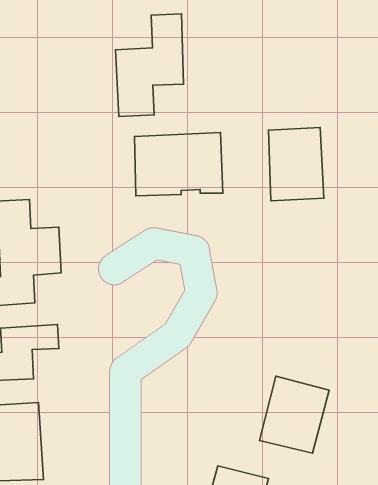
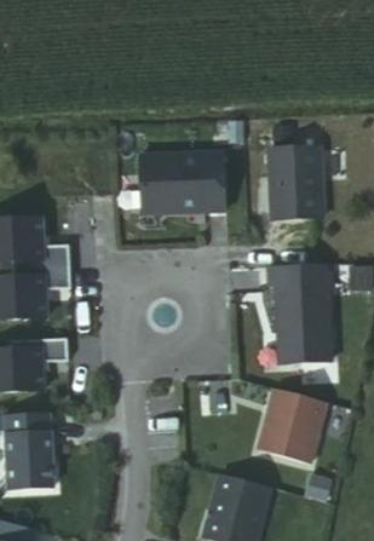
building: [116,14,184,117] -> none
building: none -> [267,263,329,362]

